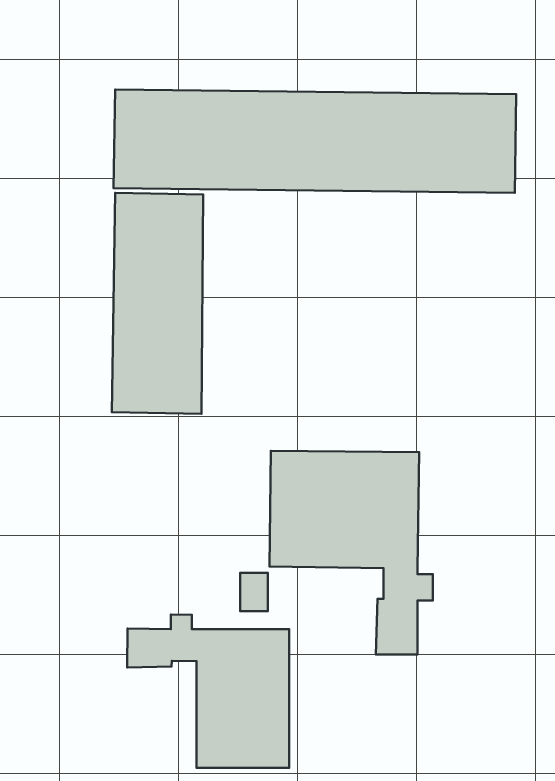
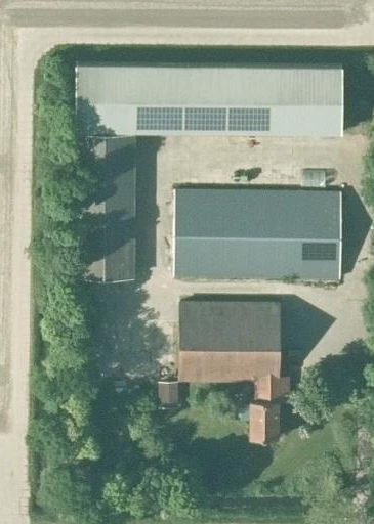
building: none -> [174,191,342,281]
building: [127,615,289,768] -> none

